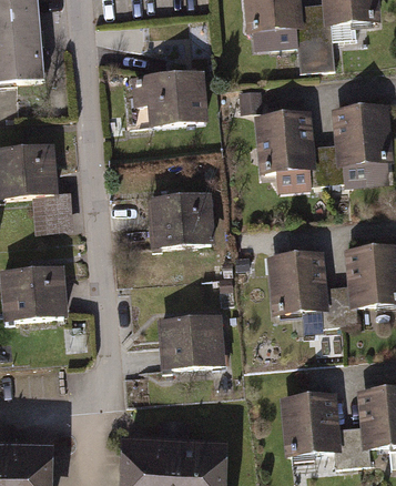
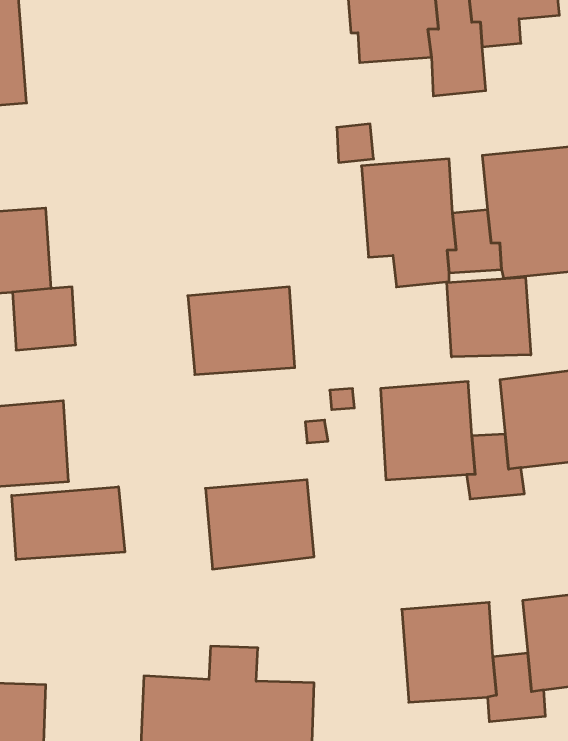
building: [129,71,206,126] -> none
building: none -> [447,277,531,357]
building: none -> [12,487,125,560]

